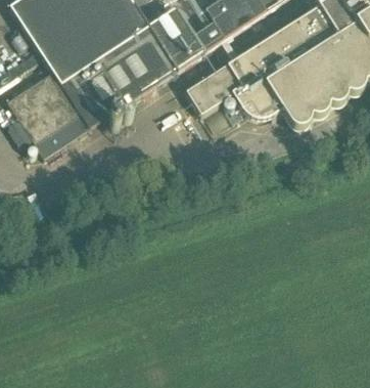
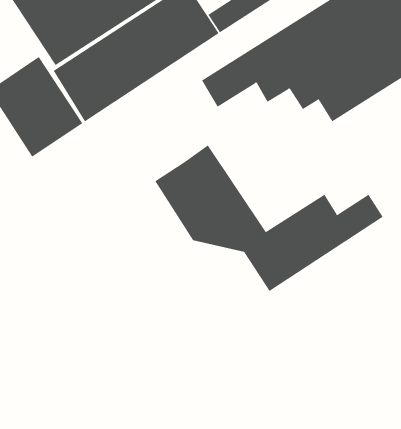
building: none -> [154,144,383,292]

